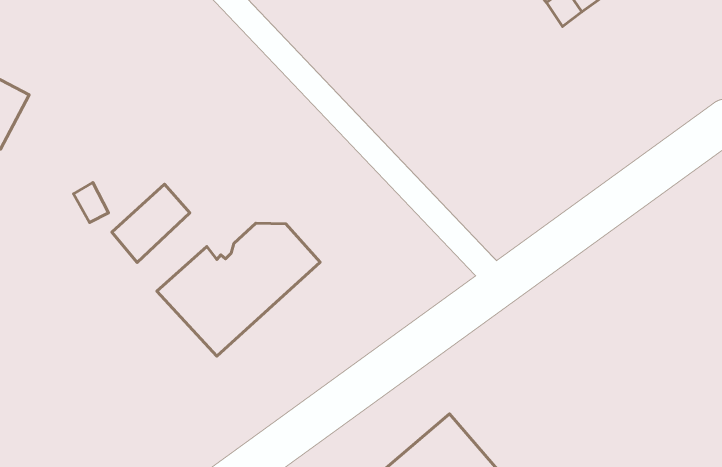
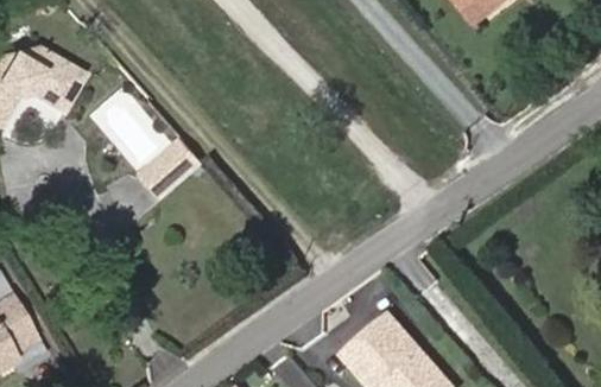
building: [157,223,320,356] -> none

